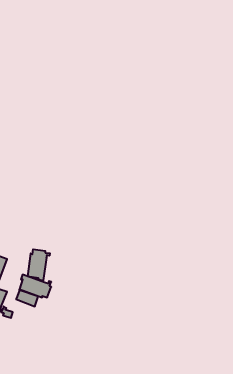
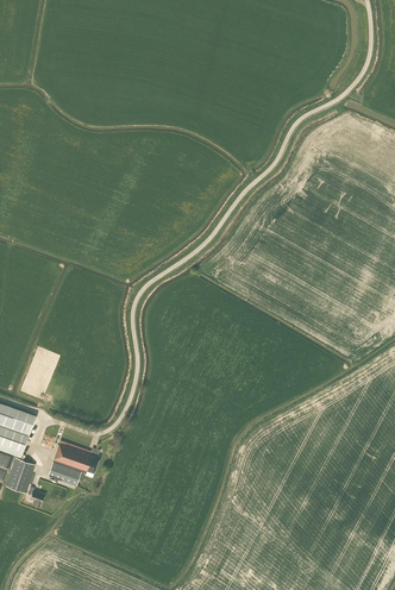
building: [28,249,50,281] -> none

